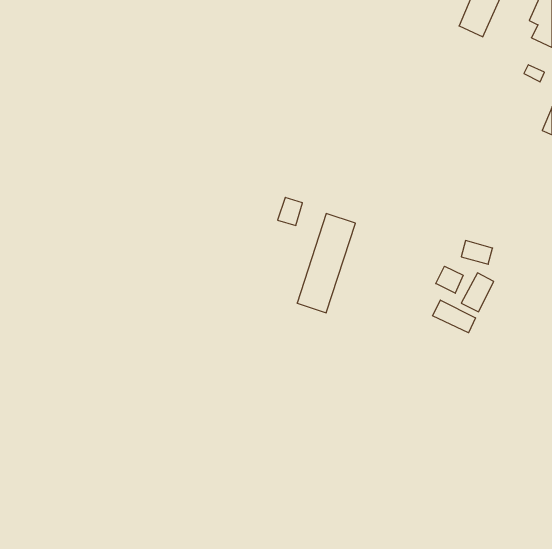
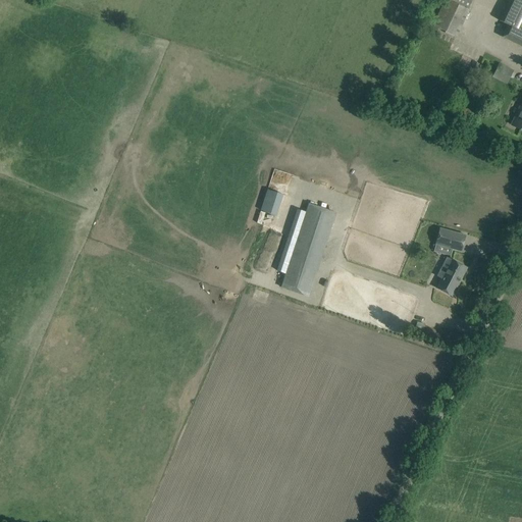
building: [436,266,463,293] -> none
building: [433,300,475,333] -> none

